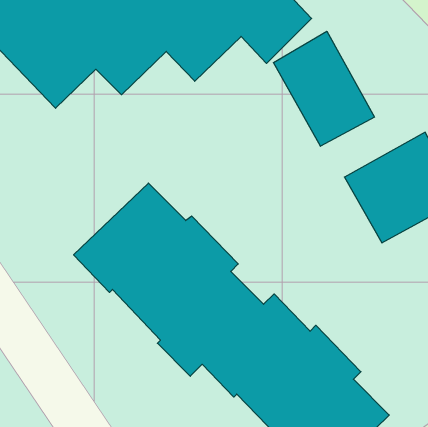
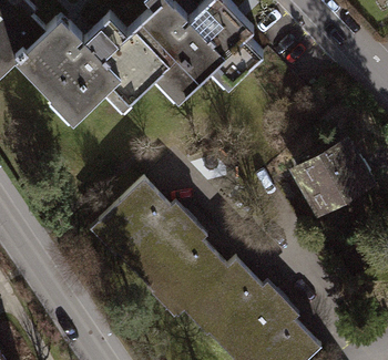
building: [273,31,374,146] -> none

